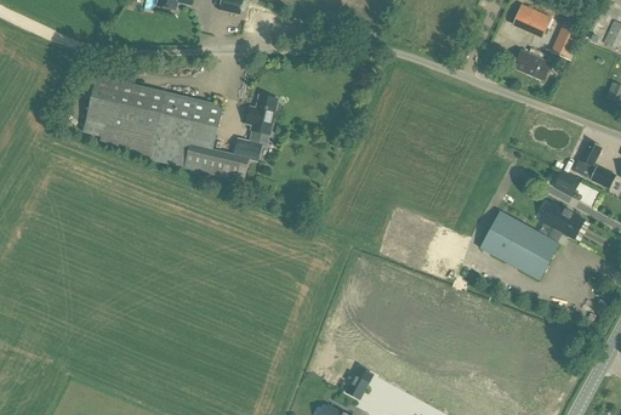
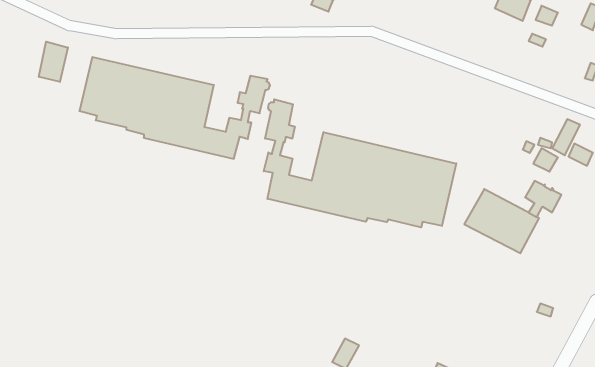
building: [513,47,551,79] -> none
building: none -> [39,42,68,82]
building: none -> [264,99,456,227]

